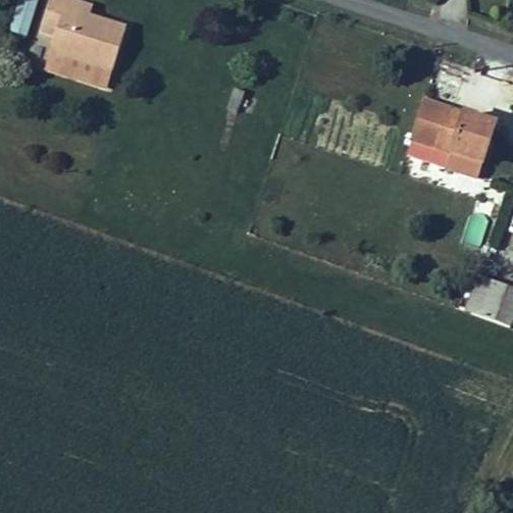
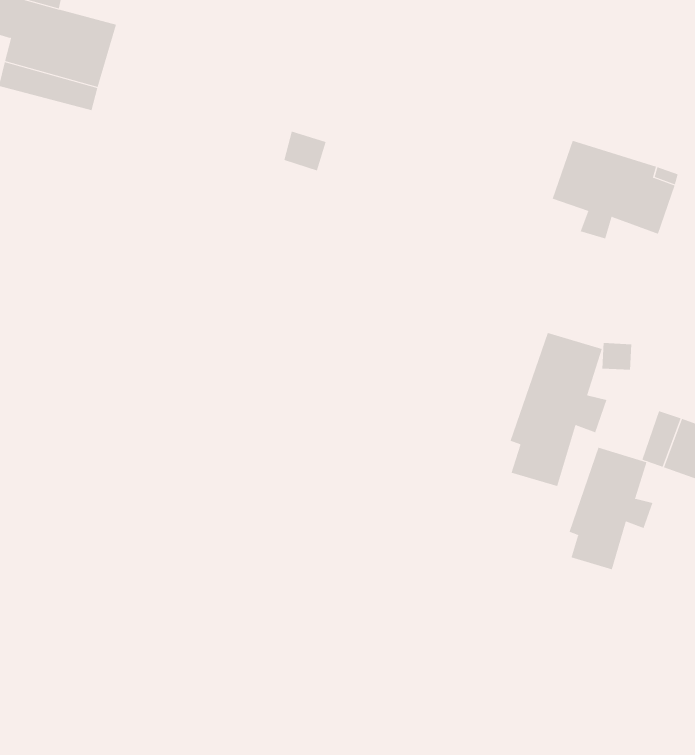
building: none -> [510,332,607,487]
building: none -> [569,447,653,570]

